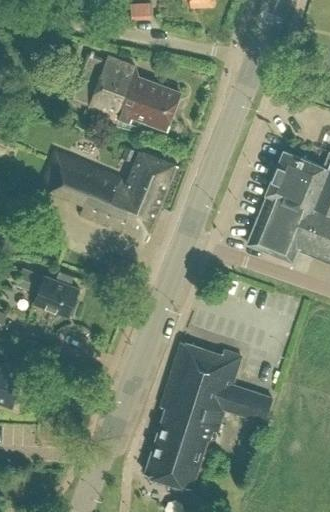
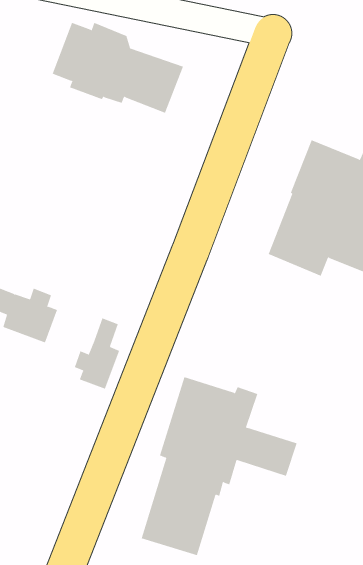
building: [40,151,176,241] -> none
building: none -> [74,317,120,389]

